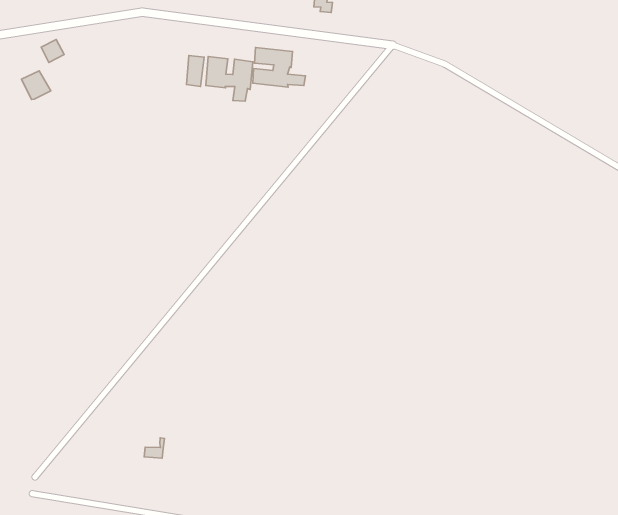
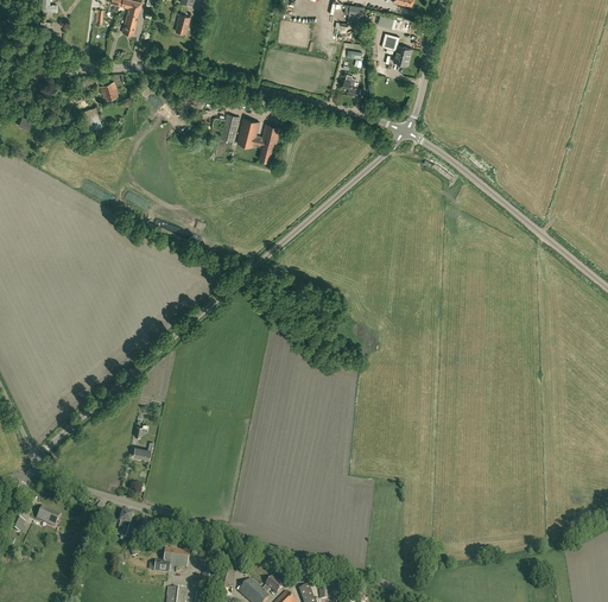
building: [253,47,305,87] -> none

